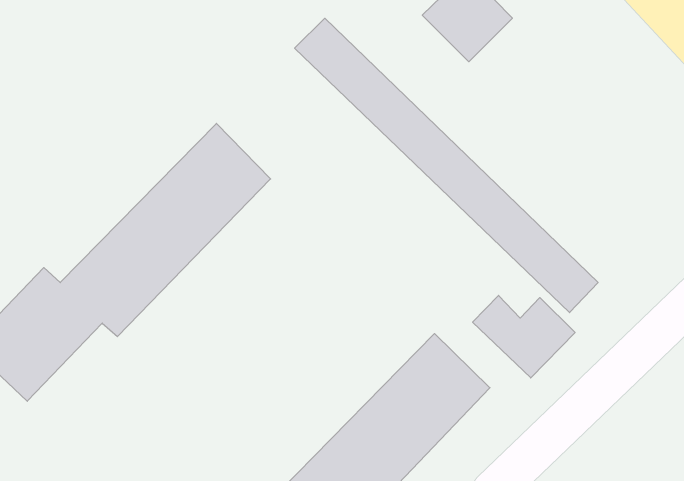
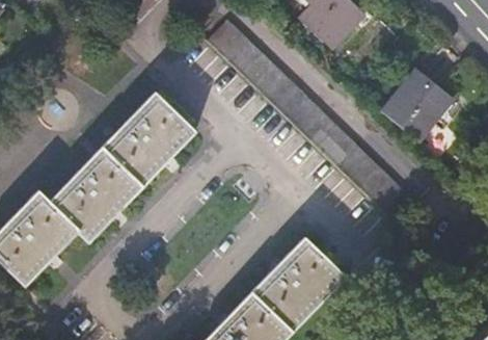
building: none -> [384,76,457,145]
building: [473,295,575,378] -> none

